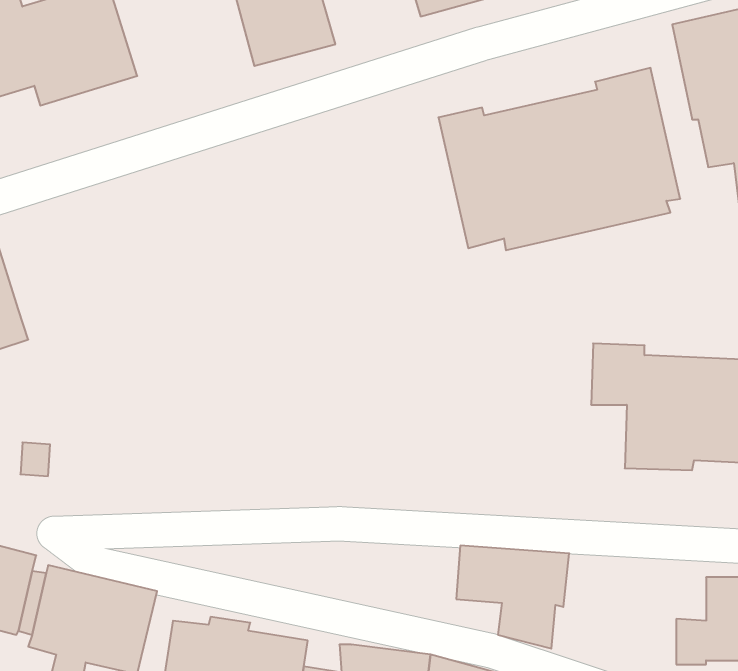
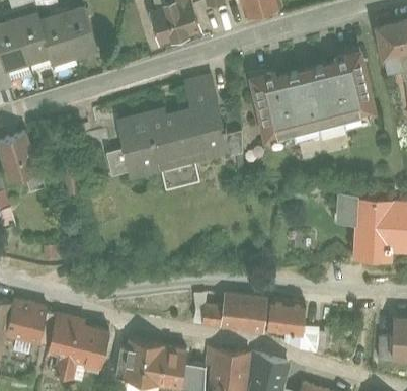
building: none -> [103,80,228,191]
building: none -> [199,290,263,325]

